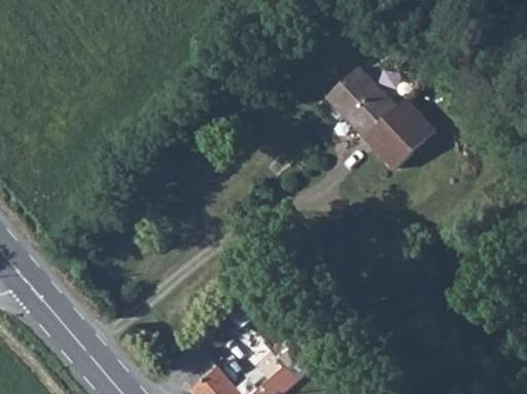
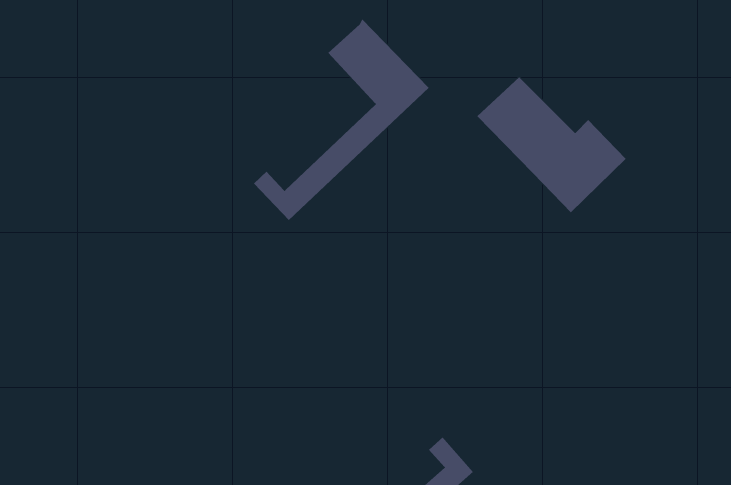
building: none -> [253,19,429,221]

